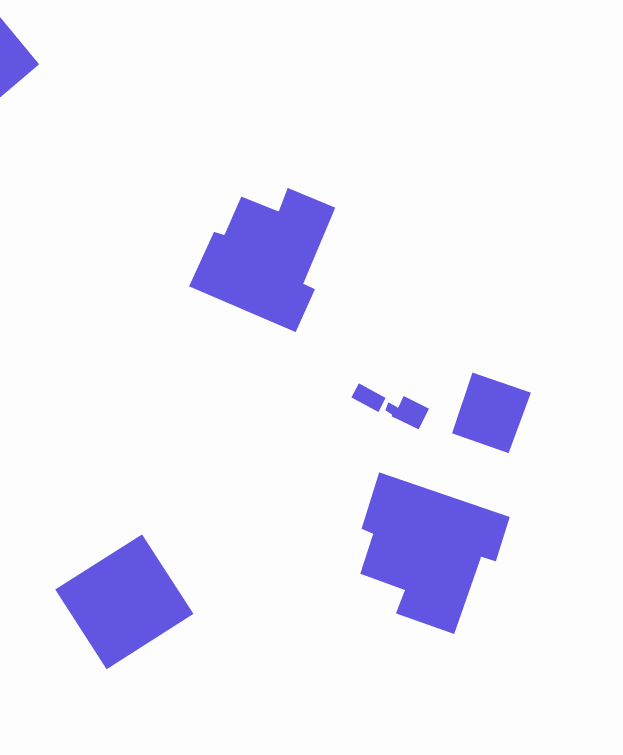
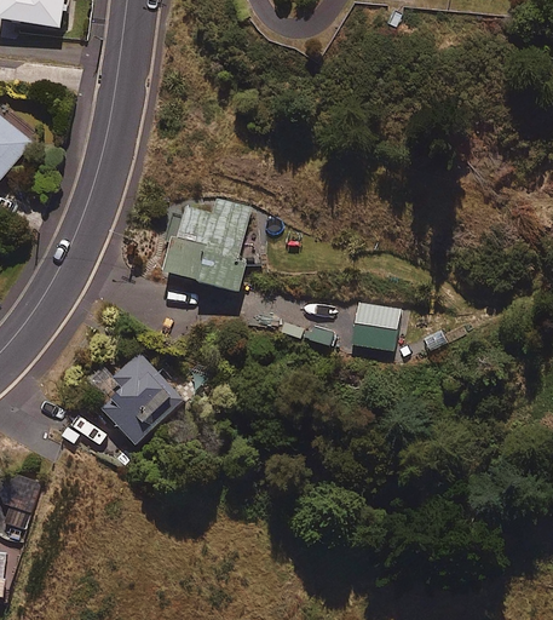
building: [360,472,511,635] -> none
building: [54,533,195,670] -> [87,351,184,447]

